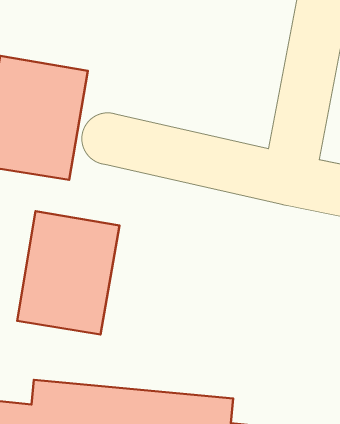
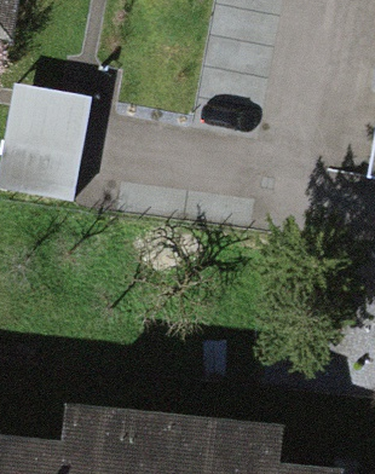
building: [17,211,120,335] -> none

